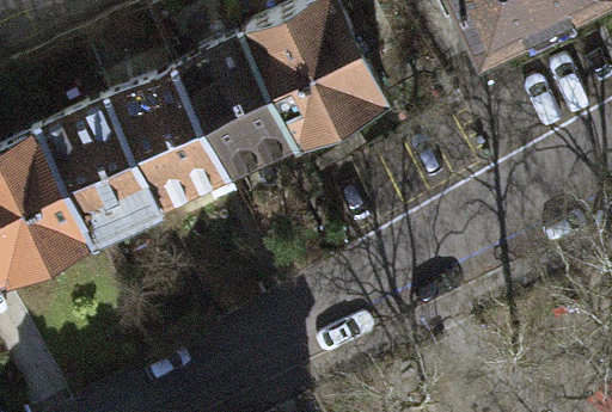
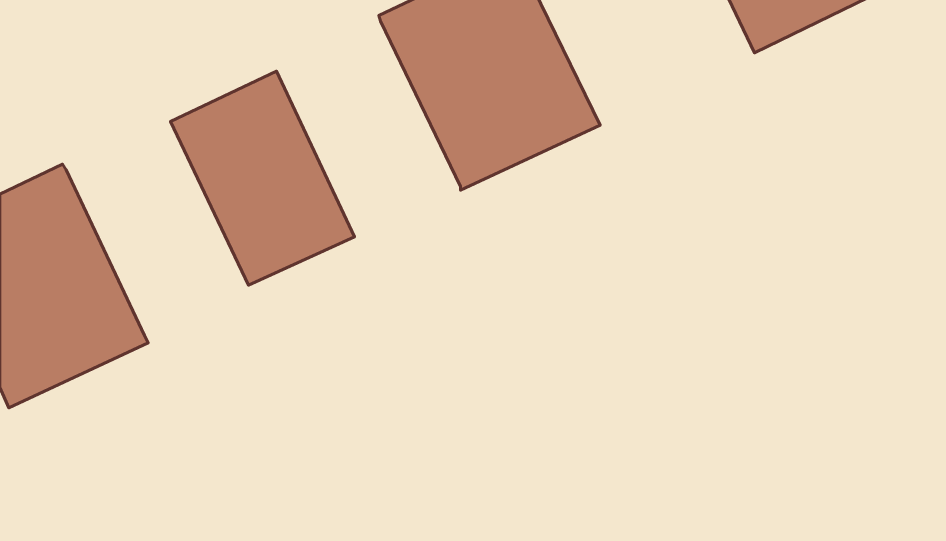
building: [178,39,296,178] -> none
building: [43,104,160,241] -> none

